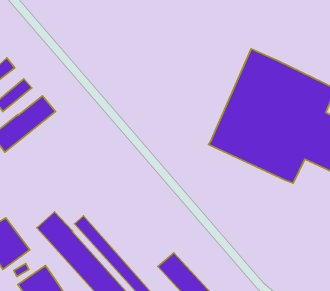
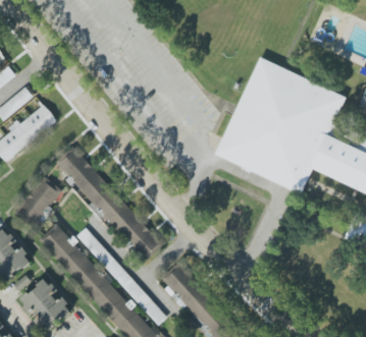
building: none -> [58,147,162,260]
building: none -> [15,177,60,226]

